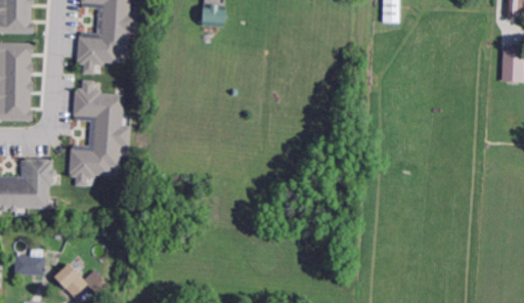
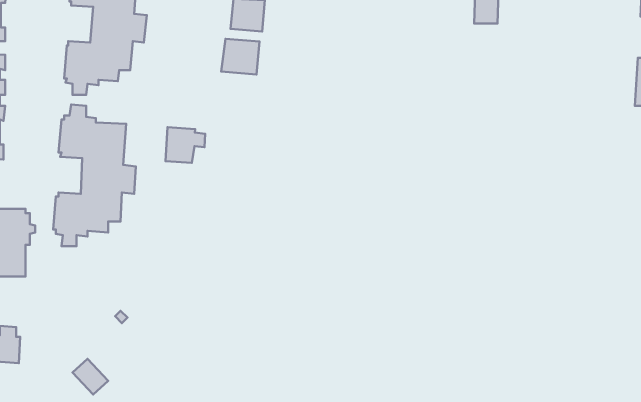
building: none -> [221,39,259,75]
building: none -> [166,127,205,163]
building: [52,263,86,297] -> none

